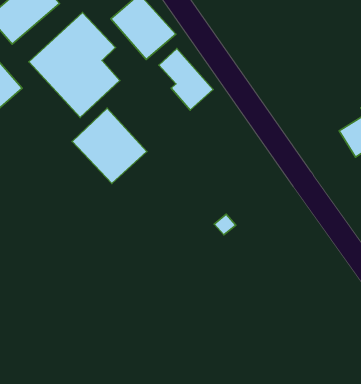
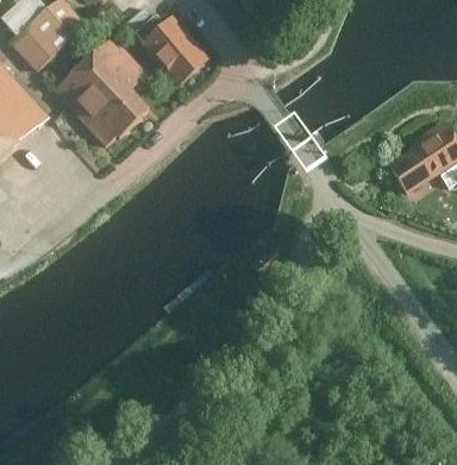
building: [159,49,213,110] -> none
building: [72,108,147,184] -> none

